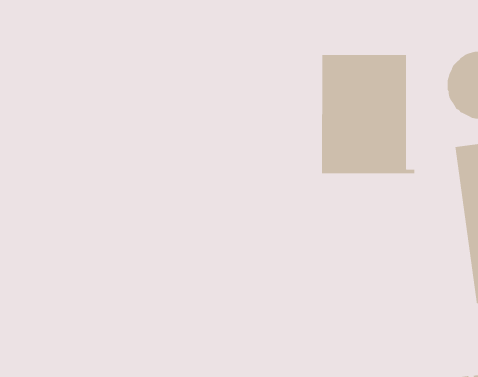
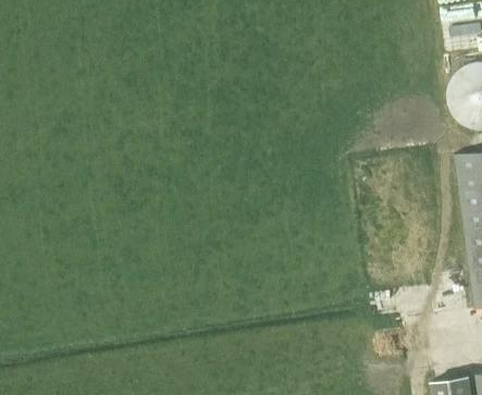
building: [321,54,415,174] -> none

